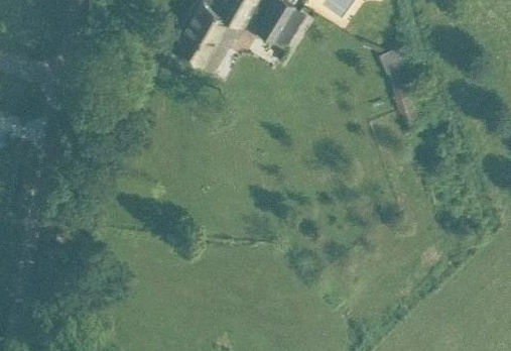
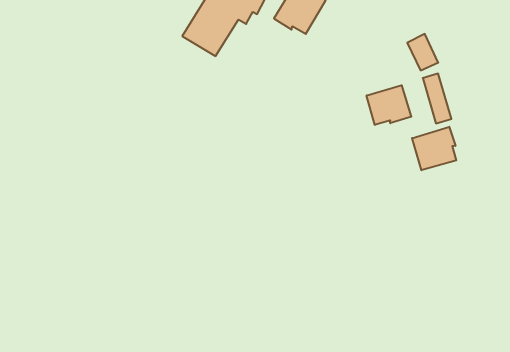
building: none -> [367,85,411,125]
building: none -> [412,127,456,170]

